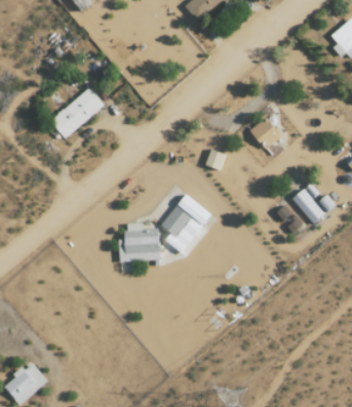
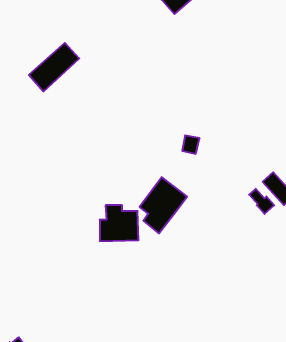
building: [50,87,104,138] -> [29,43,79,91]
building: [251,117,281,148] -> none

